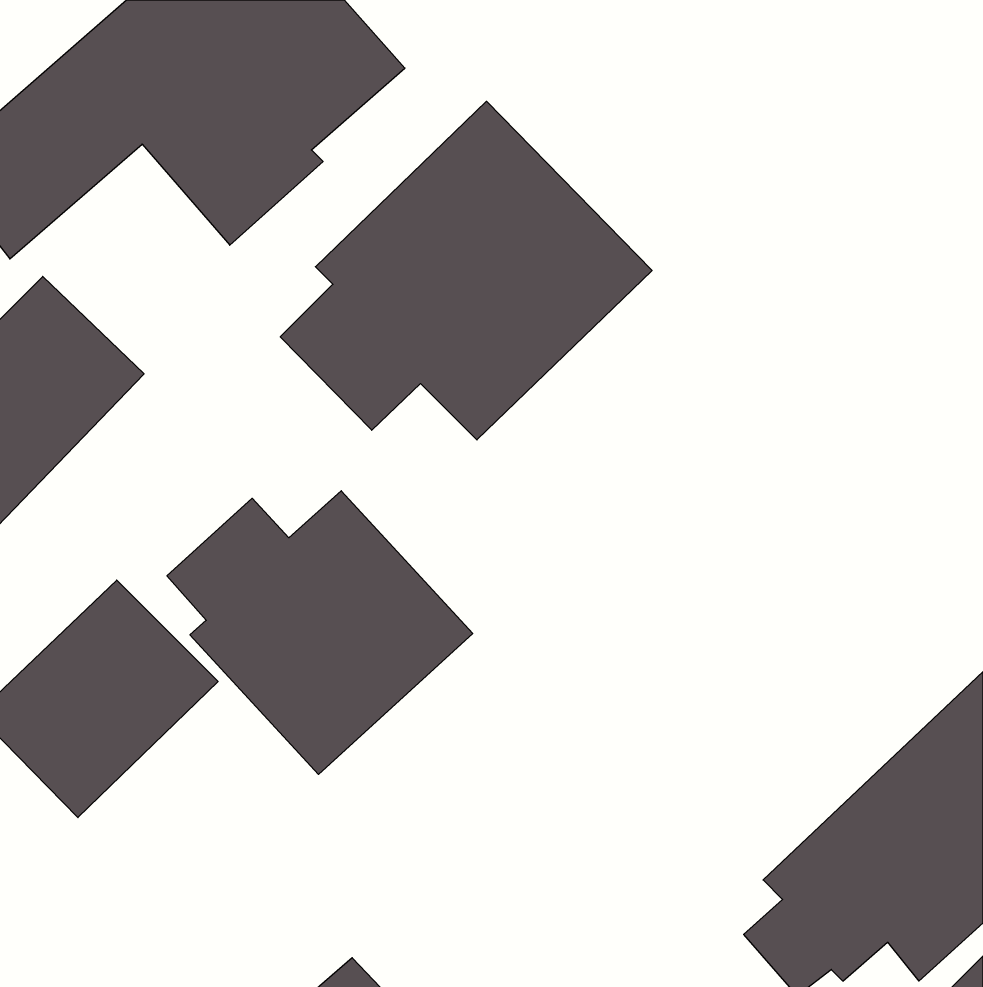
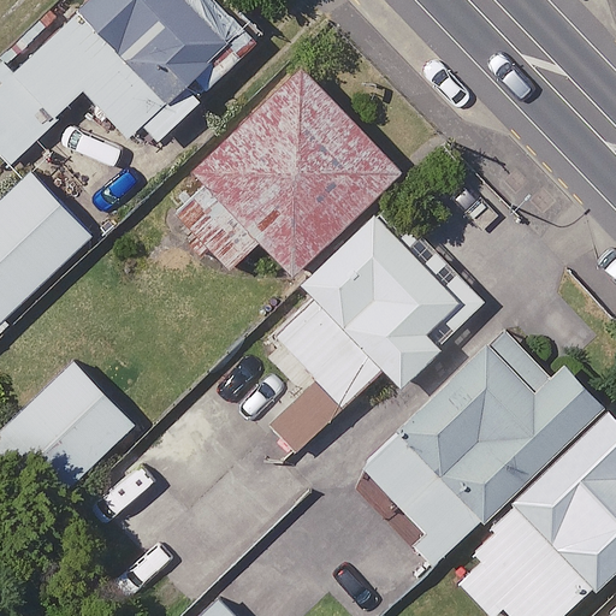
building: none -> [268,200,491,454]
building: [167,491,473,774] -> none
building: none -> [360,316,602,568]

